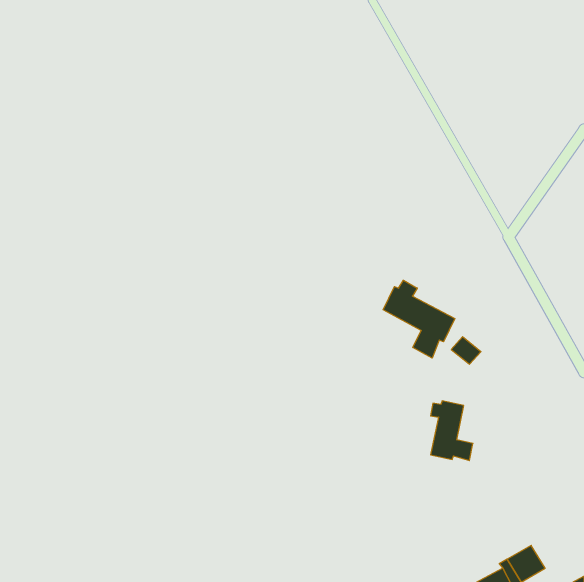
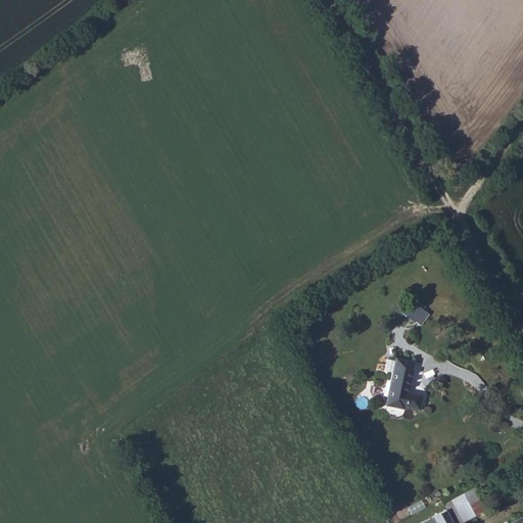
building: [383,280,455,358] -> none

